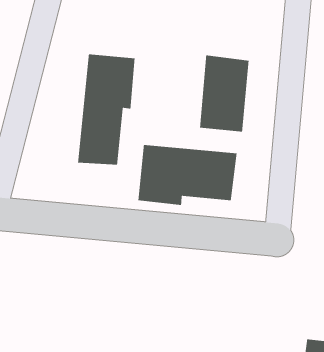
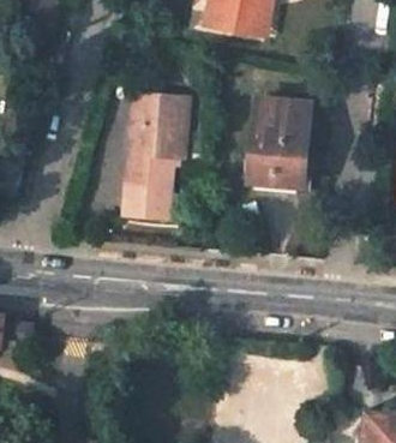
building: [138,144,238,206] -> none

